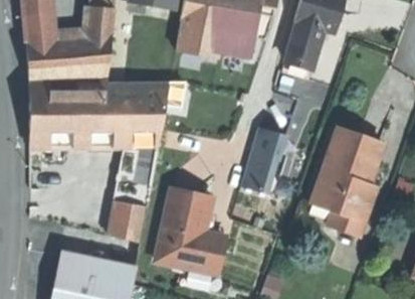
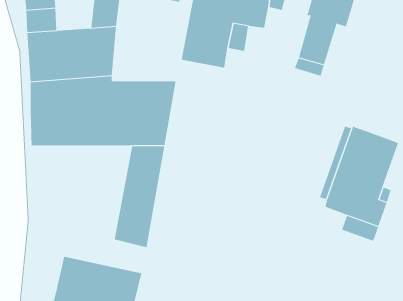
building: [241,120,294,193] -> none
building: [156,188,224,274] -> none

